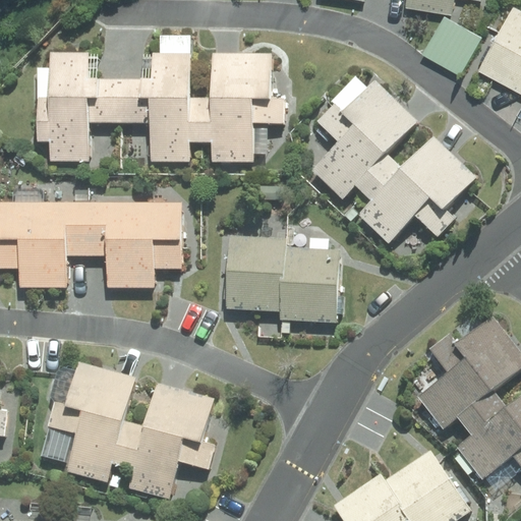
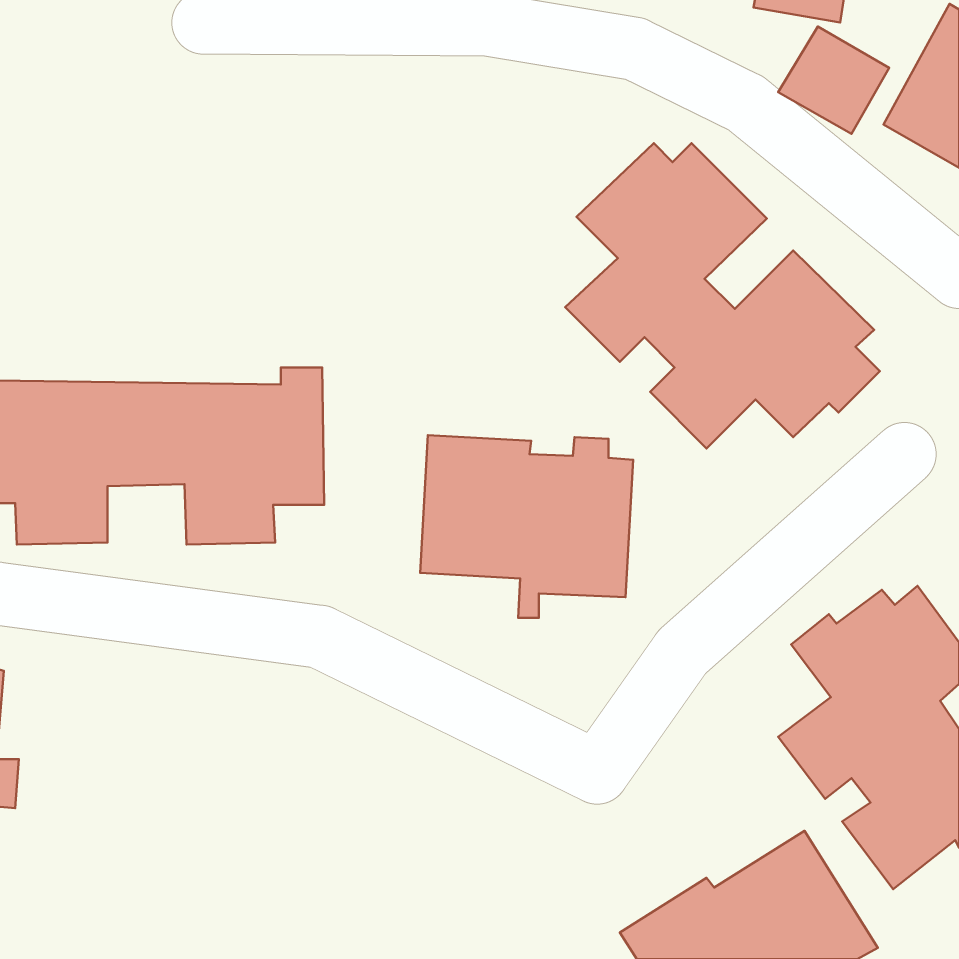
building: [39,36,287,164] -> none
building: [47,360,220,502] -> none

